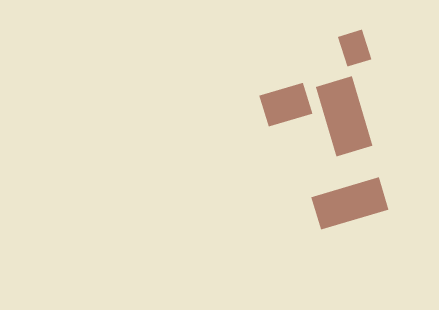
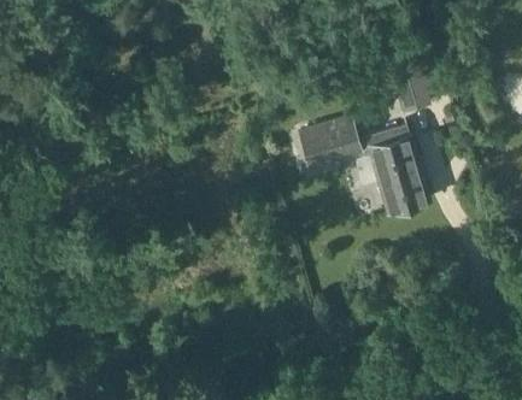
building: [310,176,390,231] -> none

